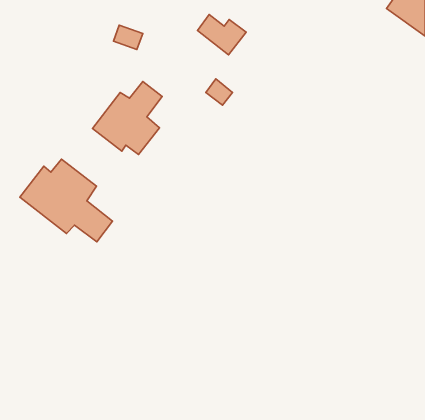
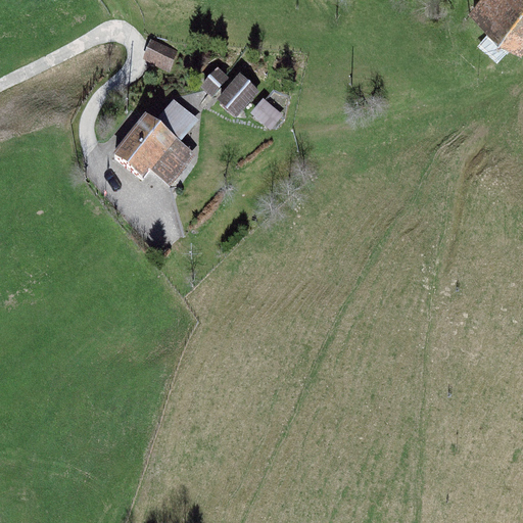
building: [197,14,246,55] -> [200,66,259,115]
building: [20,159,112,242] -> none

